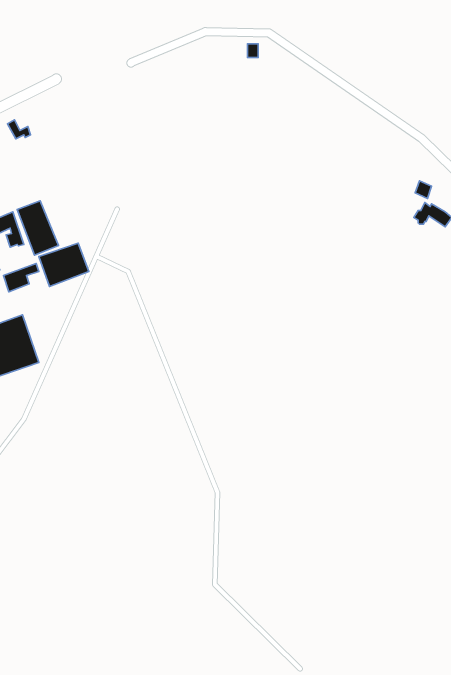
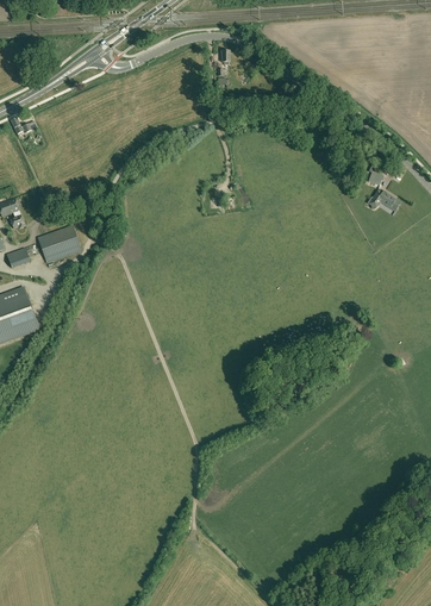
building: [17,201,58,255] -> none

